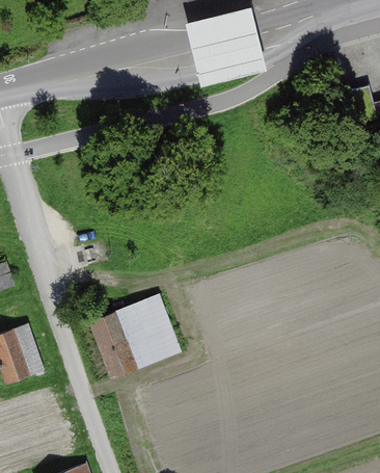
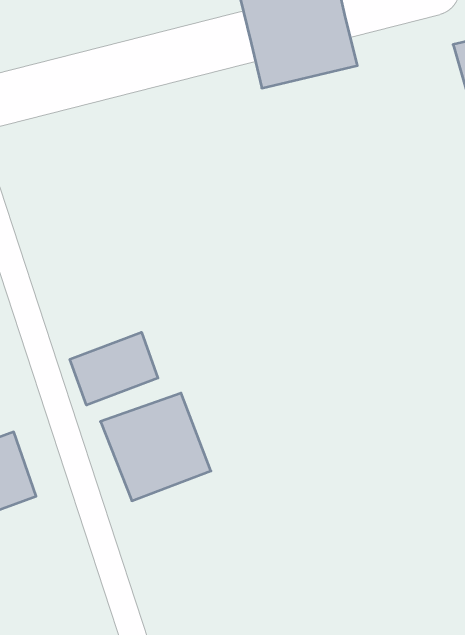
building: none -> [70,332,158,405]

